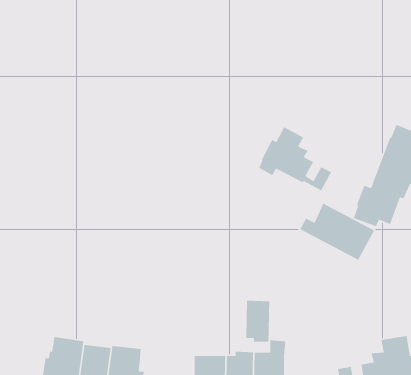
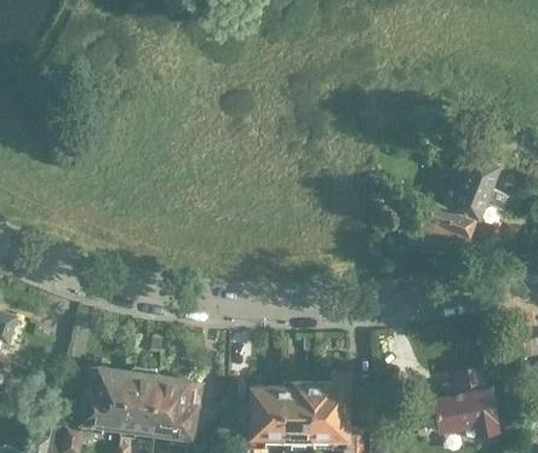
building: [258,126,332,192] -> none
building: [299,203,375,261] -> none
building: [245,300,270,343] -> none

